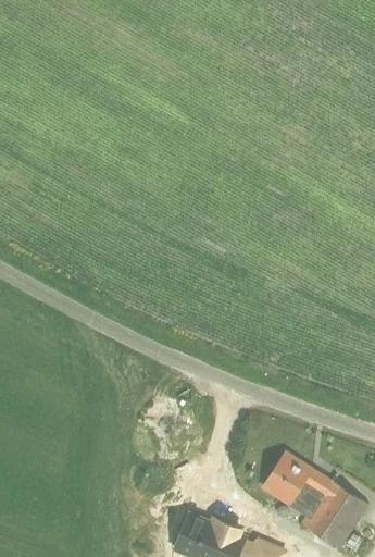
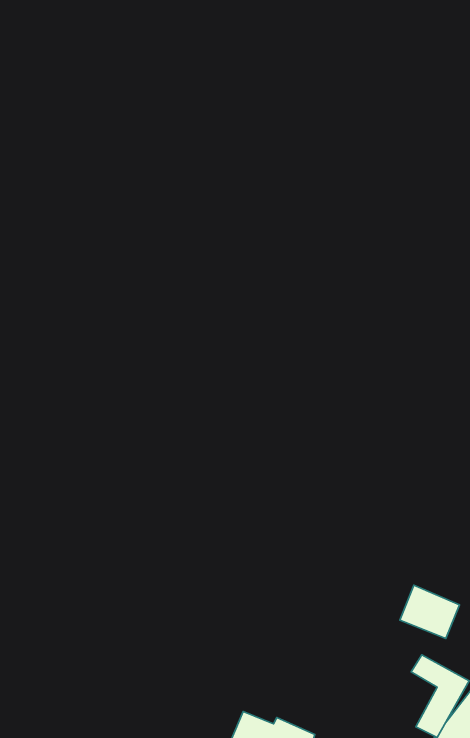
building: [262,465,304,503] -> [400,585,460,639]

